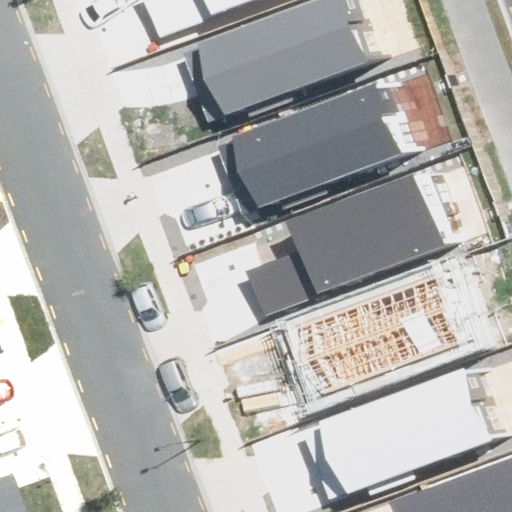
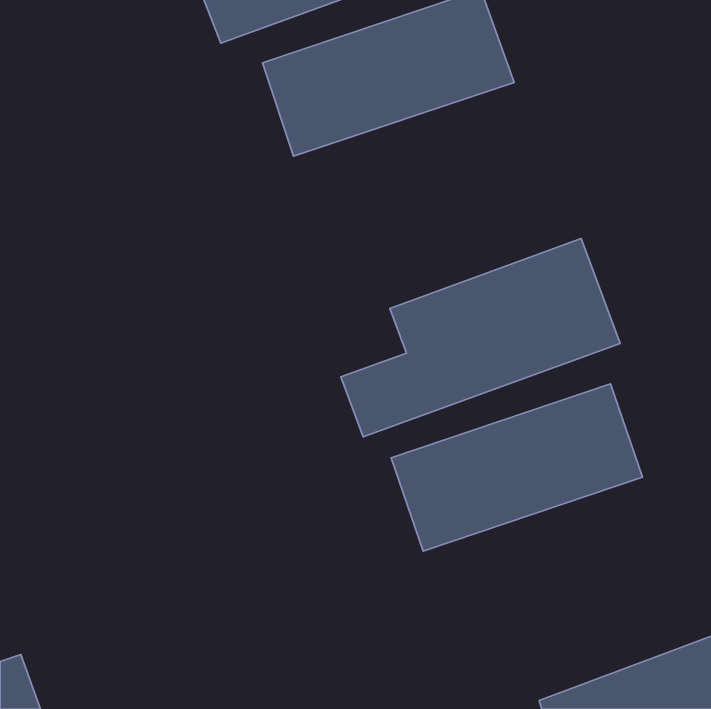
building: [229,84,409,204] -> none
building: [311,378,491,498] -> none

